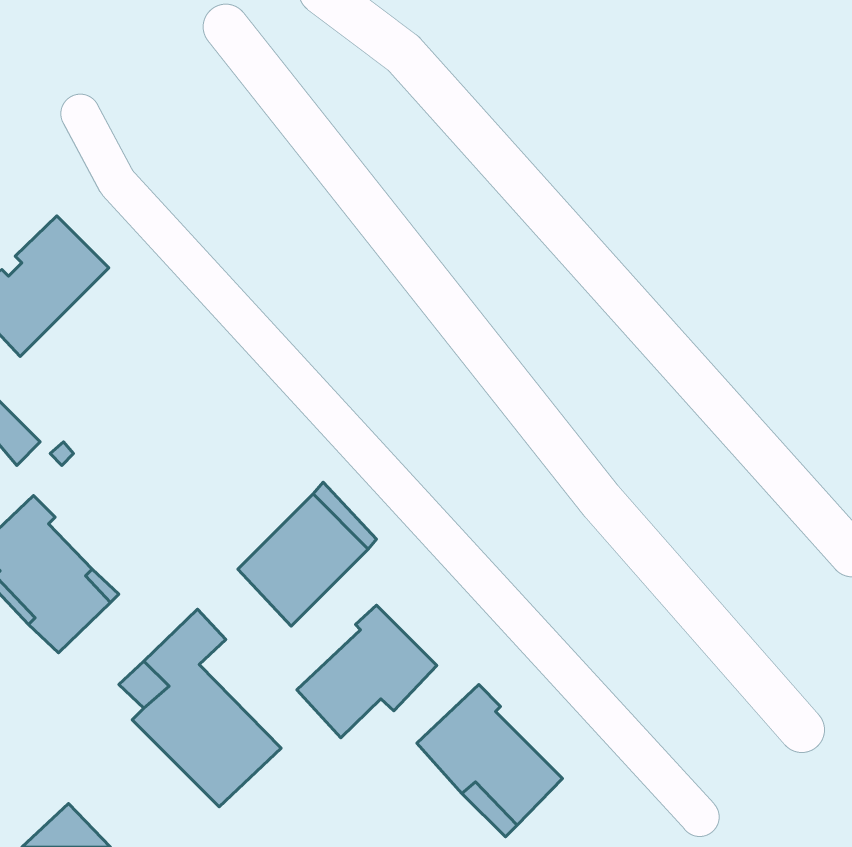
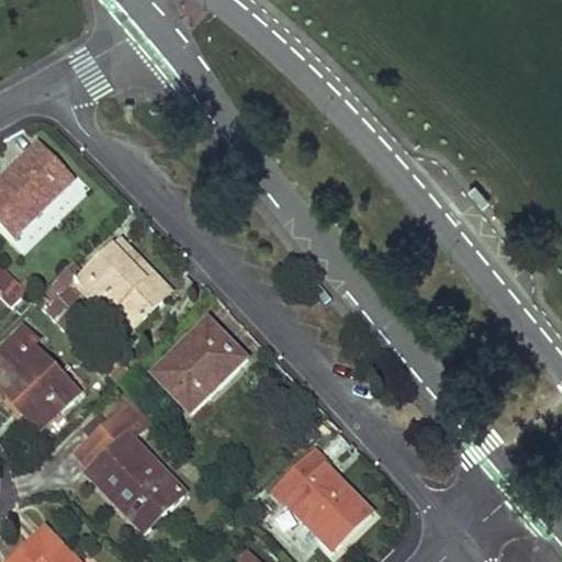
building: none -> [43,238,170,336]
building: [297,605,437,738] -> none

